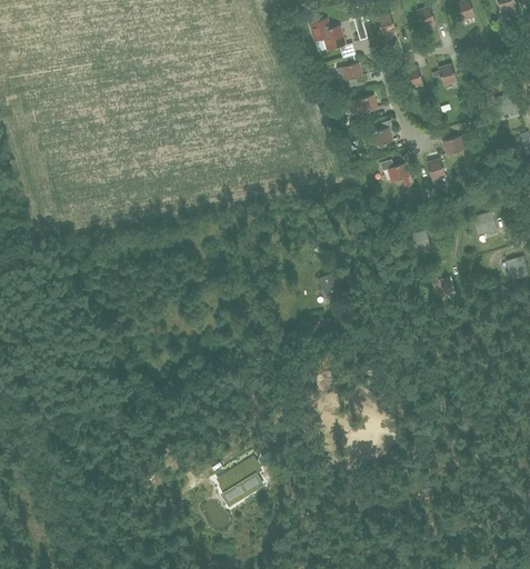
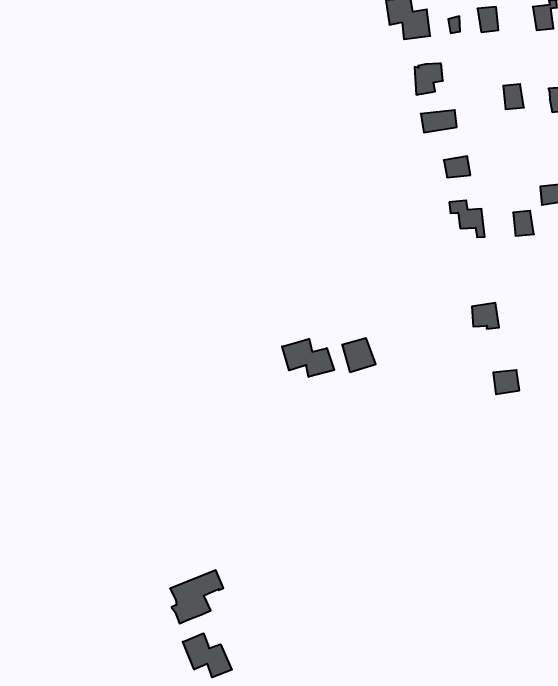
building: none -> [282,339,334,377]
building: none -> [183,633,232,677]

